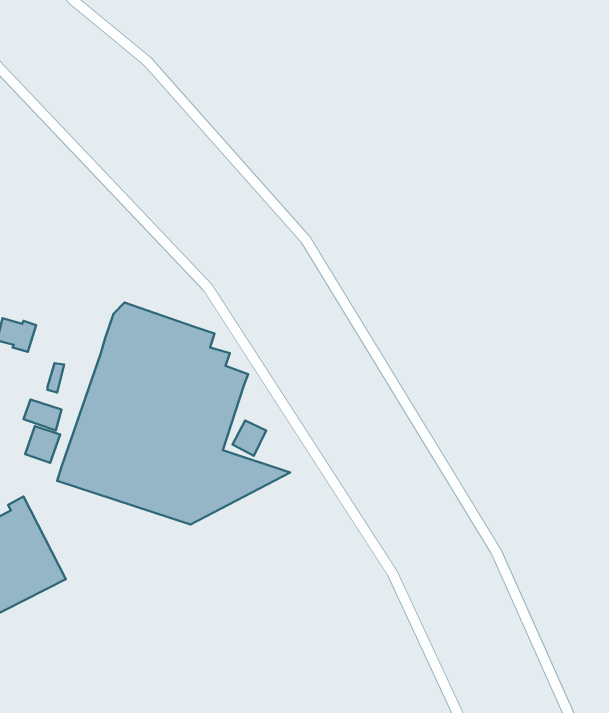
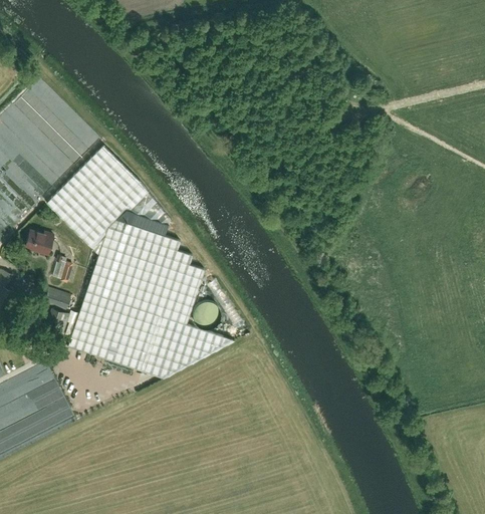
building: none -> [46,148,169,255]

